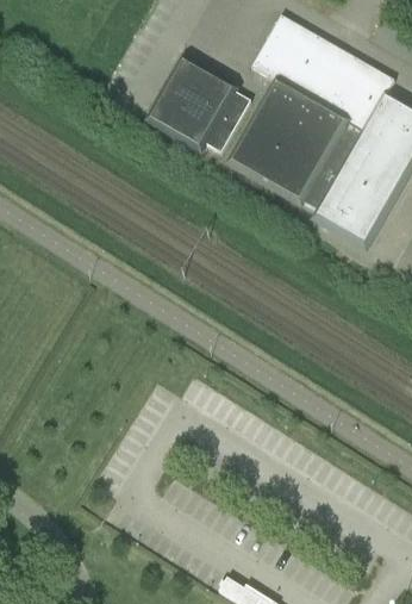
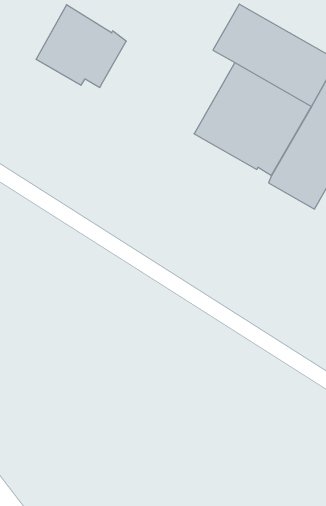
building: [148,57,250,151] -> [36,5,126,87]

